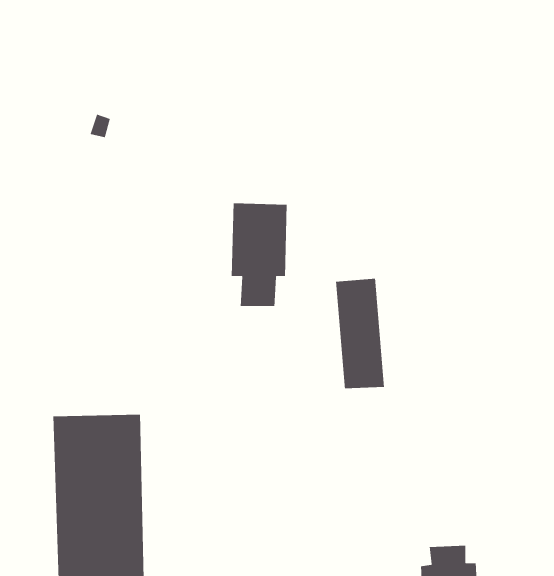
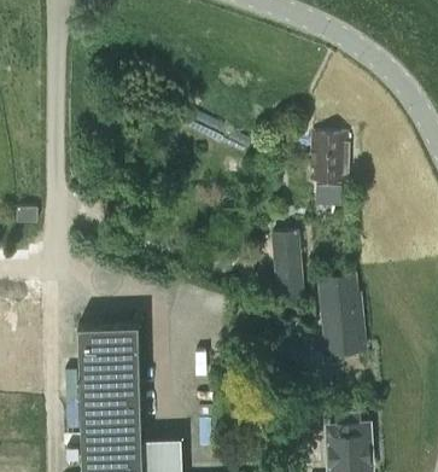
building: [231,202,288,307] -> [309,132,348,203]
building: none -> [320,275,366,354]

